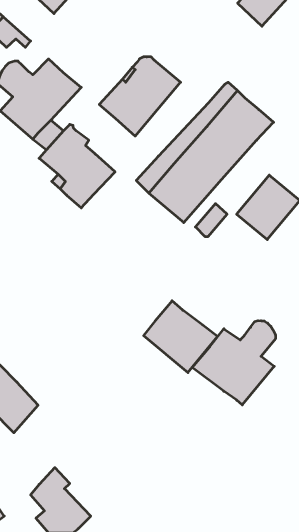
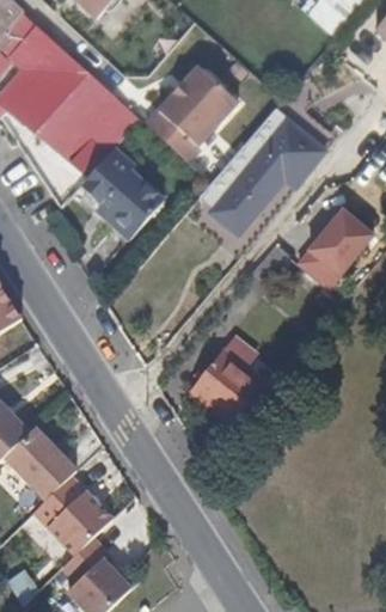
building: [192,321,275,405] -> none
building: none -> [49,486,112,555]

